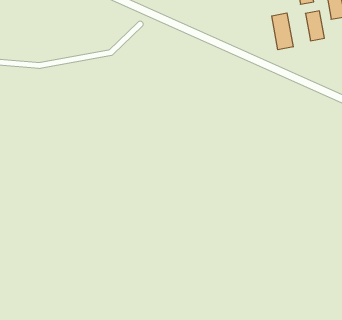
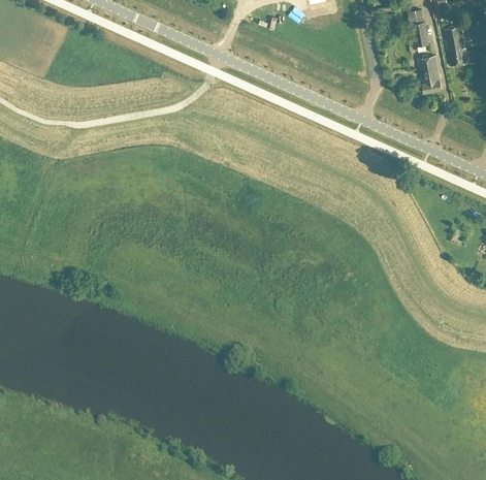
building: [272,13,293,50] -> none

